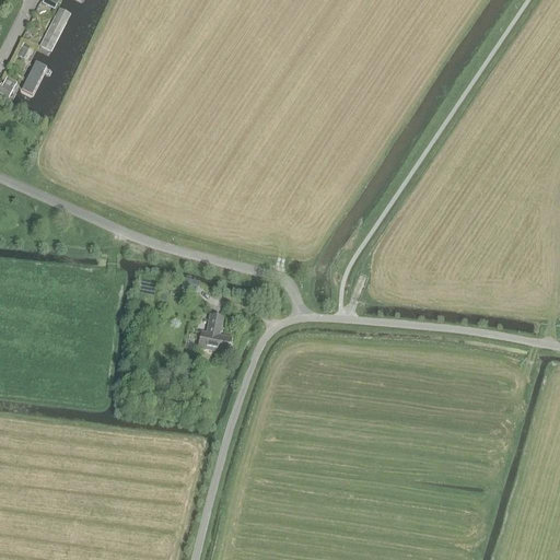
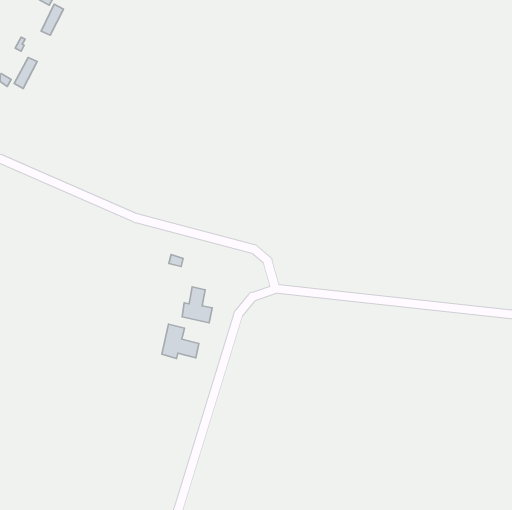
building: none -> [162,324,199,358]

